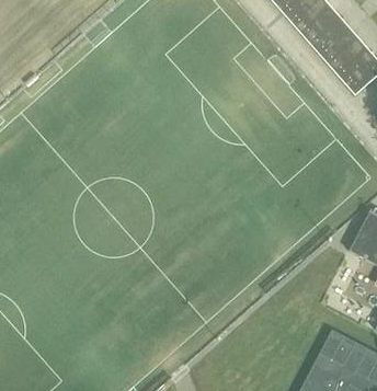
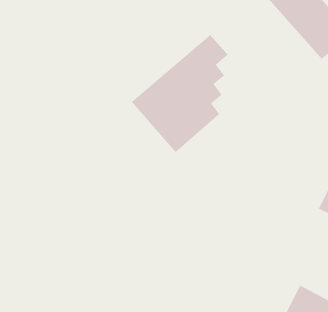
building: none -> [131,34,228,153]

